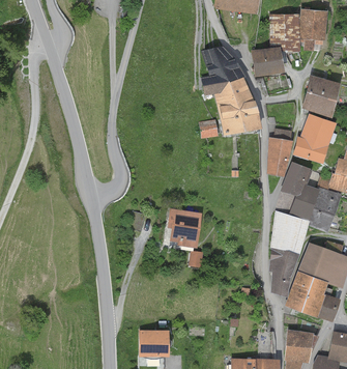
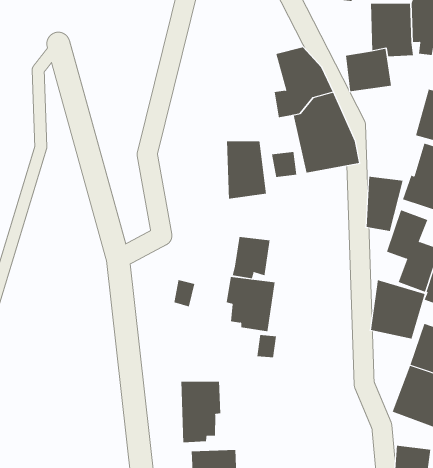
building: none -> [227,141,266,199]
building: none -> [232,236,270,279]
building: [269,247,299,296] -> none
building: none -> [181,381,221,443]

